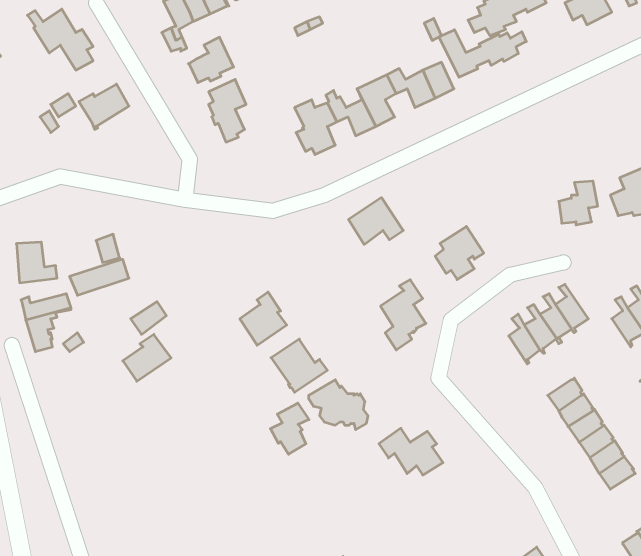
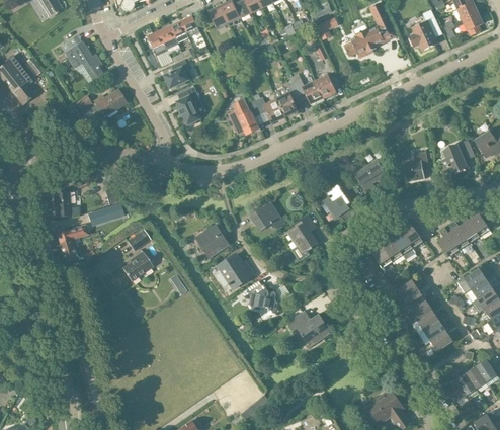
building: [439,30,526,77] -> none
building: none -> [354,159,387,195]
building: [349,198,403,244] -> [250,201,285,232]
building: [270,403,309,454] -> none

